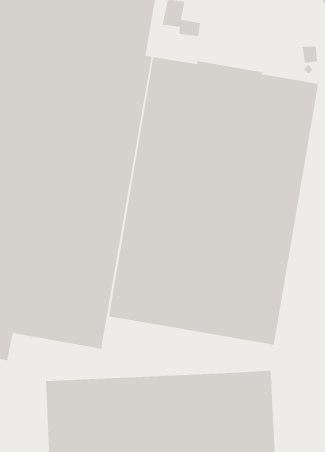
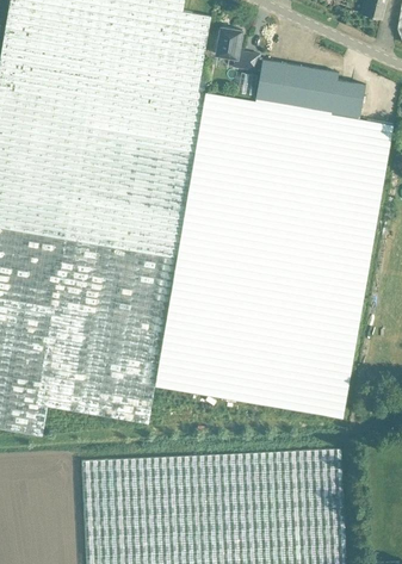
building: none -> [255,58,366,117]

